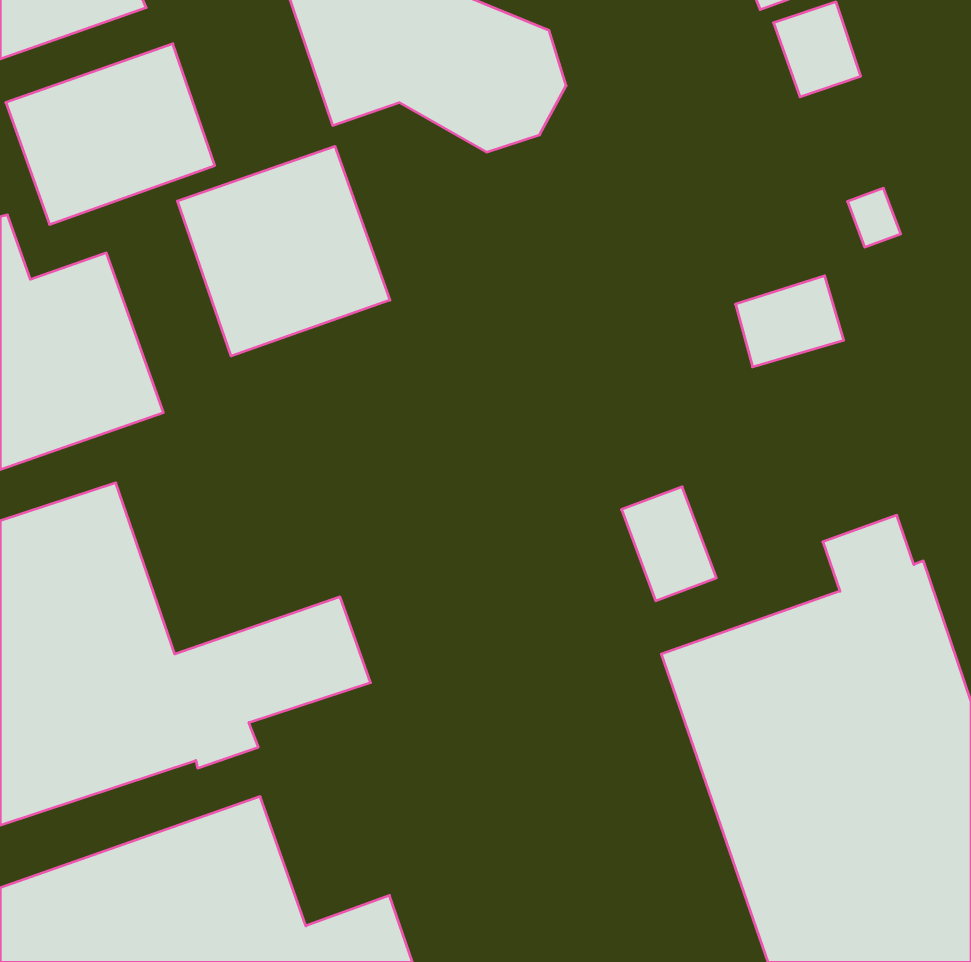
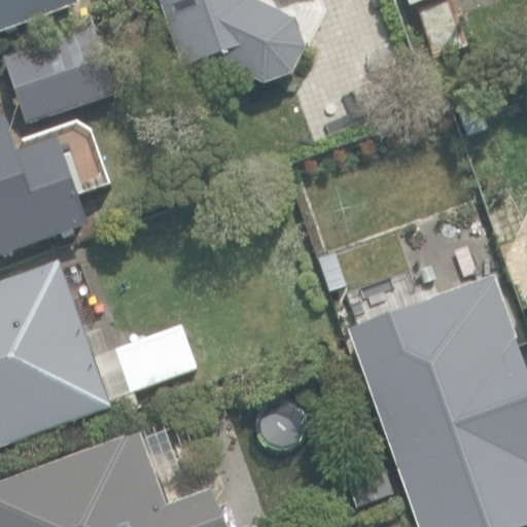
building: [177,146,390,356] -> none

